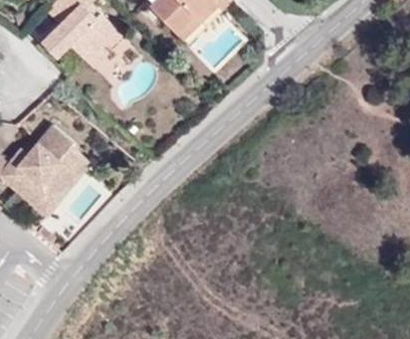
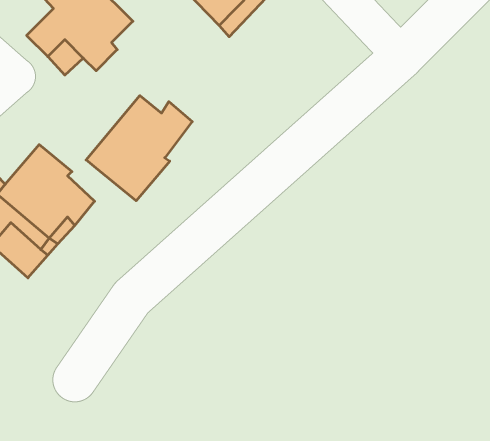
building: none -> [86,96,192,201]

